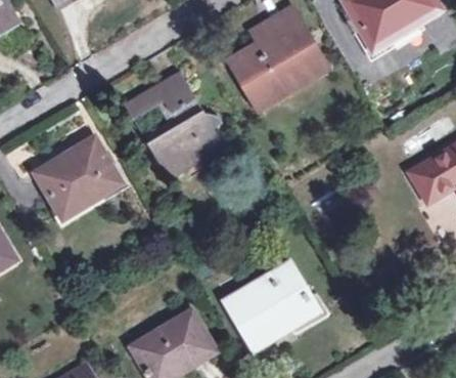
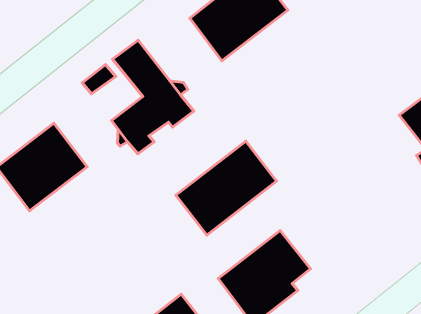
building: none -> [176,141,277,235]

